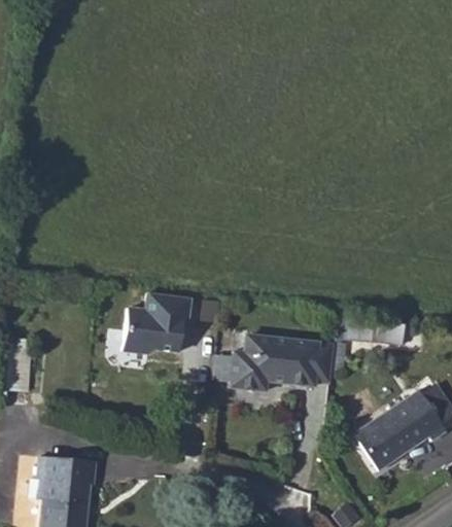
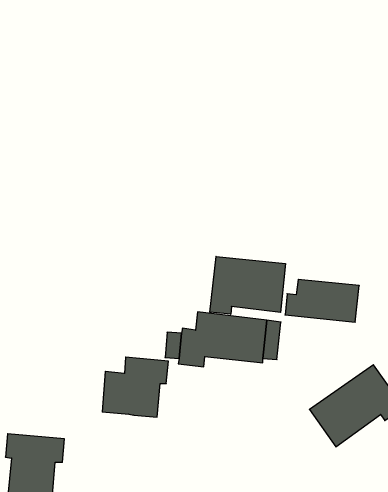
building: none -> [210,256,285,314]
building: [121,291,188,352] -> [102,357,168,417]

